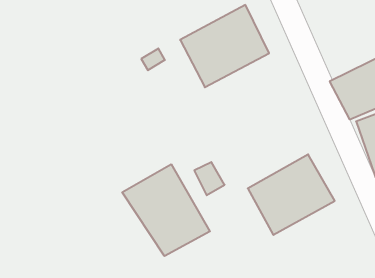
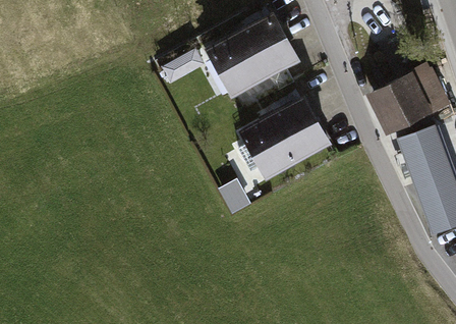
building: [248,154,335,235] -> [238,94,332,180]
building: [122,164,210,256] -> none

